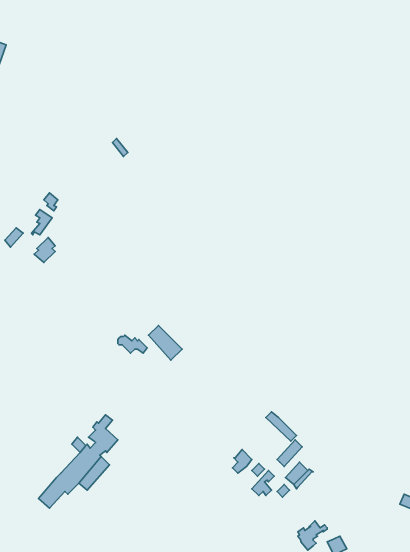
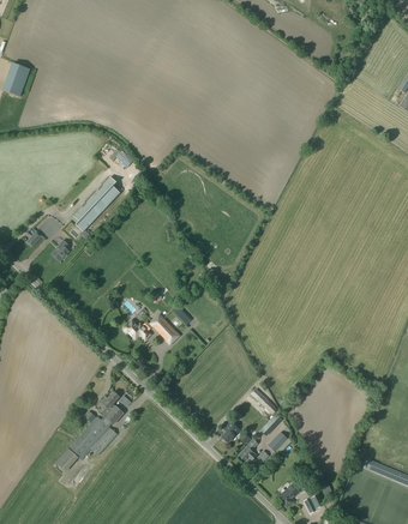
building: none -> [73,176,119,231]

